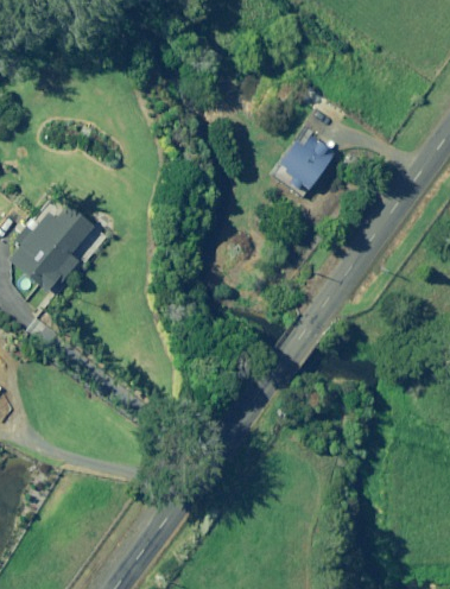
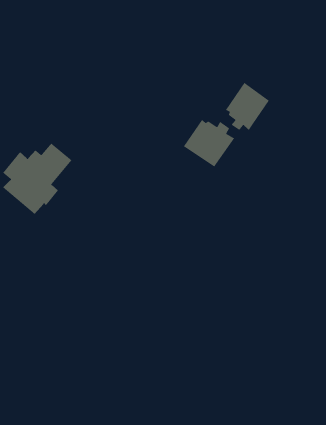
building: none -> [183,119,235,167]

